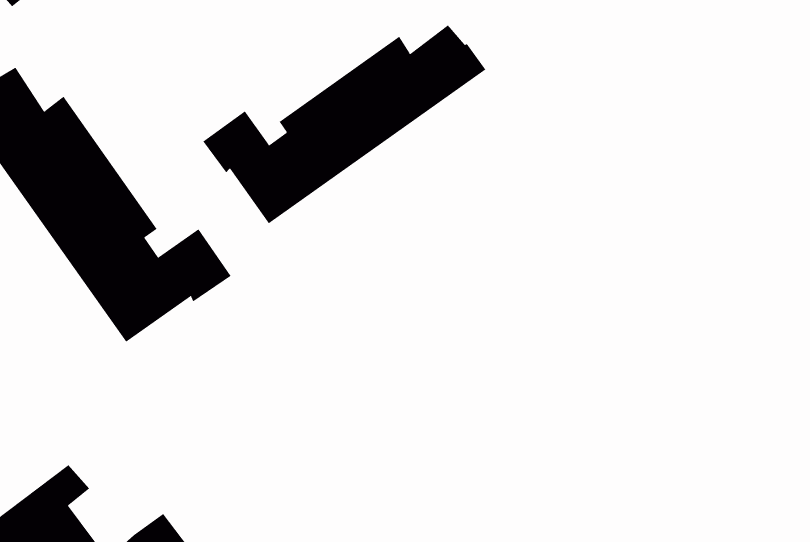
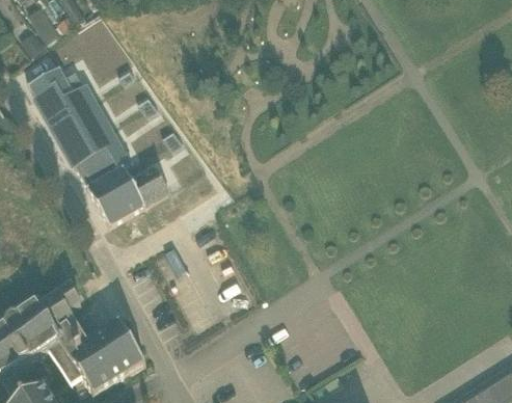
building: [202,24,486,224] -> none

